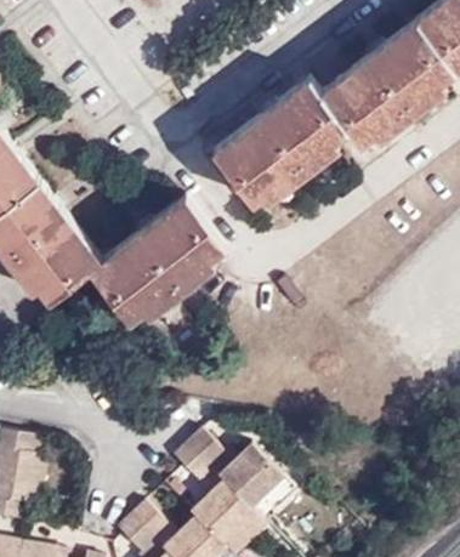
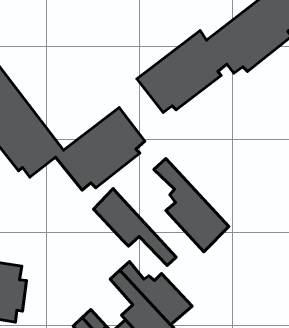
building: none -> [154,158,229,252]
building: none -> [93,188,176,265]

